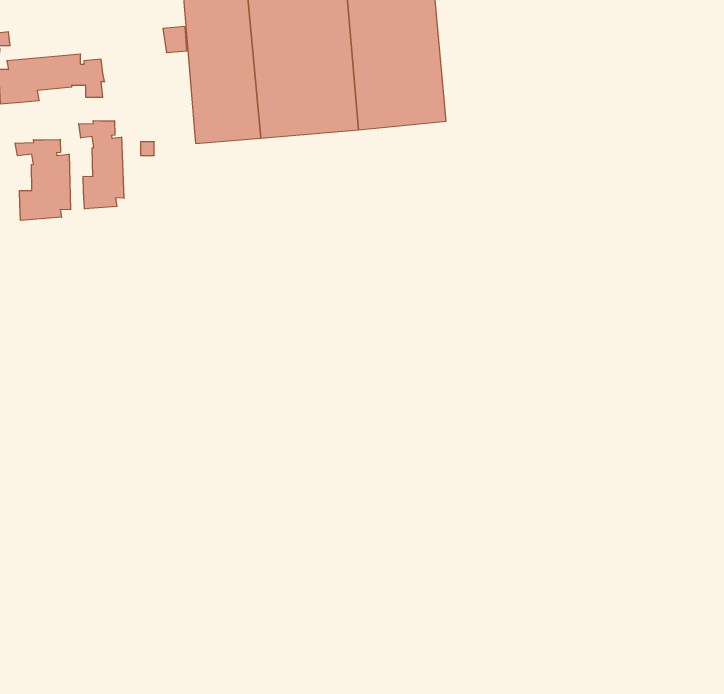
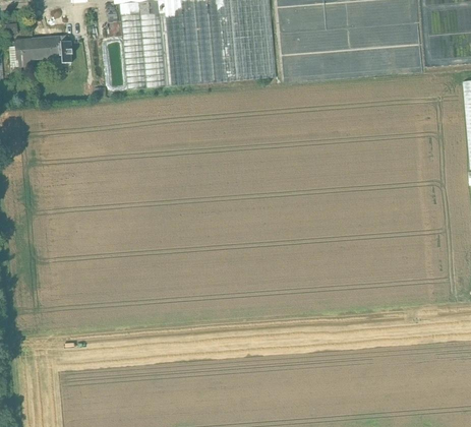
building: [79,121,124,209] -> none
building: [15,139,70,220] -> none

